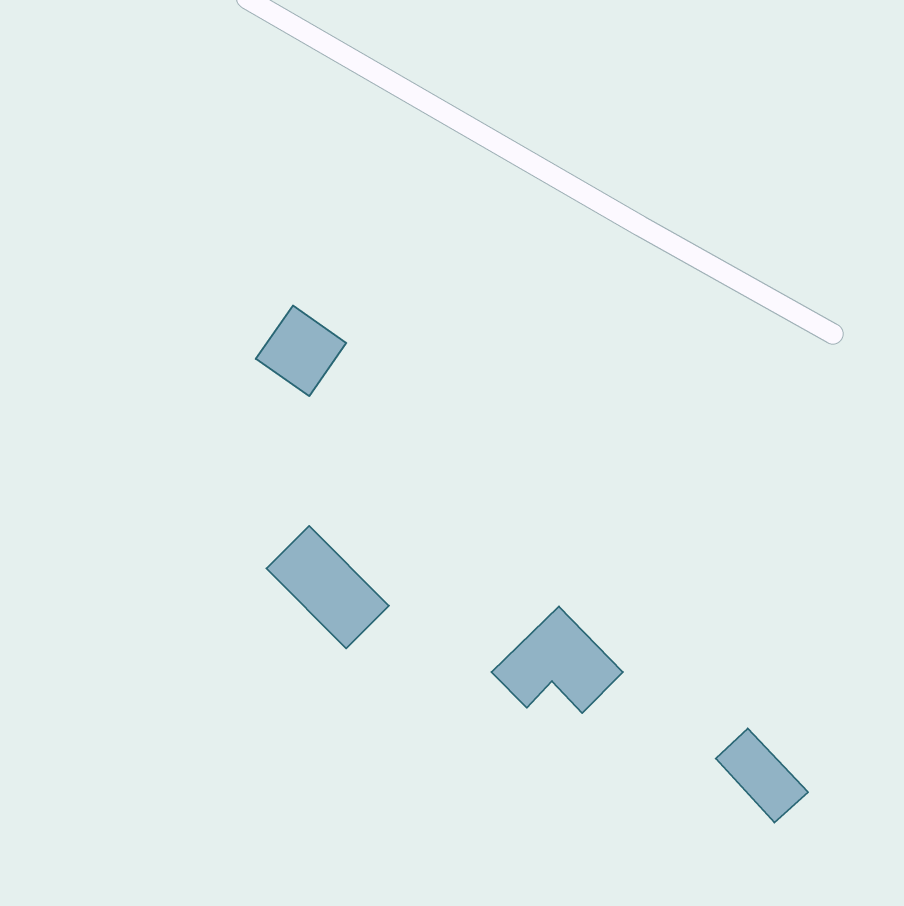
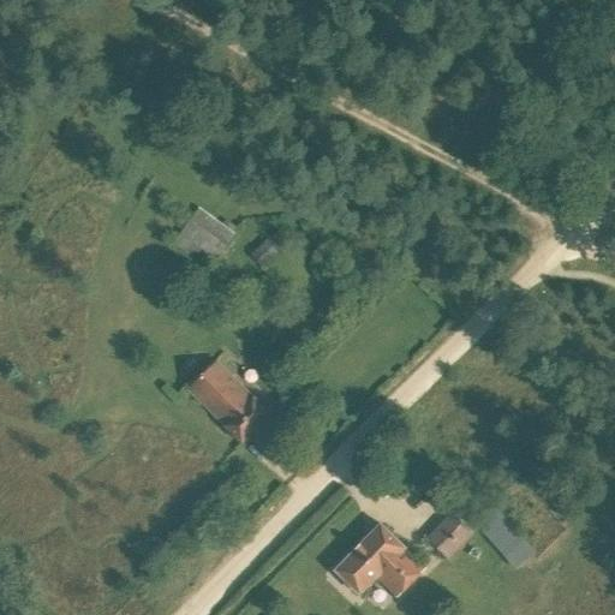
building: [491,606,623,713] -> [334,525,423,597]
building: none -> [424,512,471,560]

